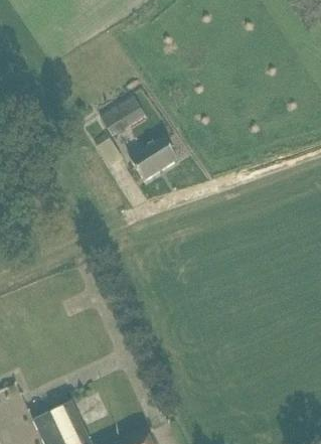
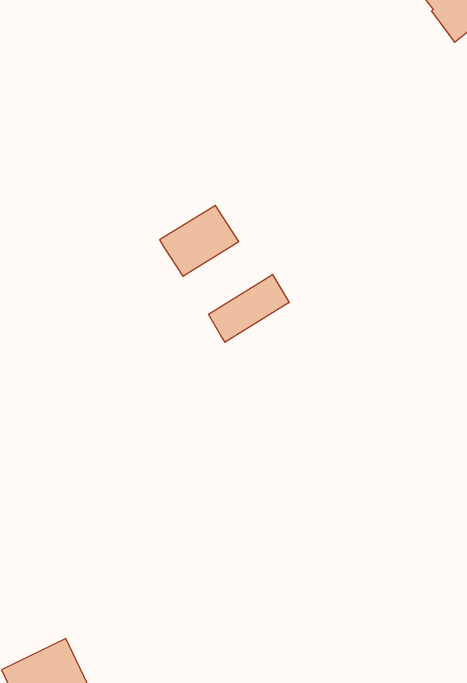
building: [99,97,144,138] -> none
building: none -> [209,274,289,342]

